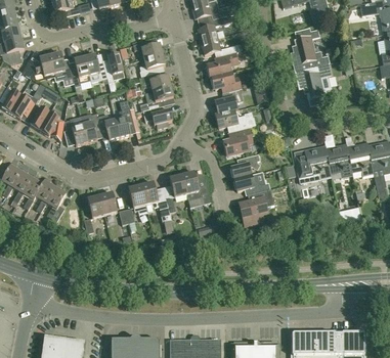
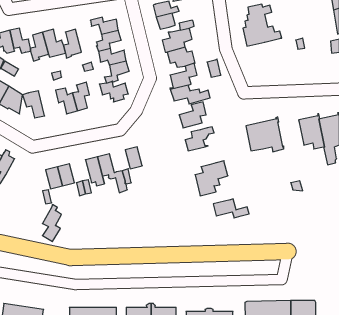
building: [294,62,332,99] -> none
building: [80,113,99,142] -> none
building: [326,141,353,177] -> none
building: [181,171,211,204] -> none
building: [233,173,270,192] -> [213,199,249,218]
building: [46,183,66,221] -> [42,205,61,242]

